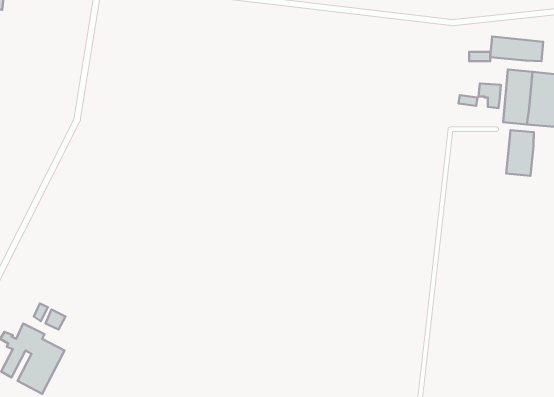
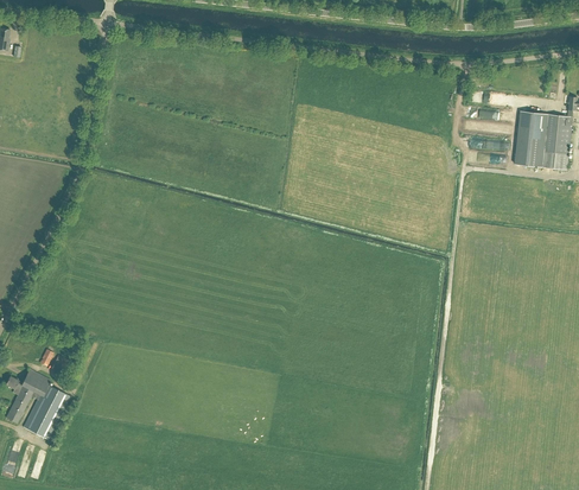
building: [490,37,543,61] -> none
building: [506,130,534,176] -> none

